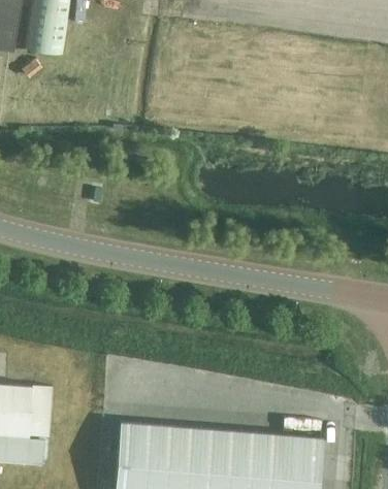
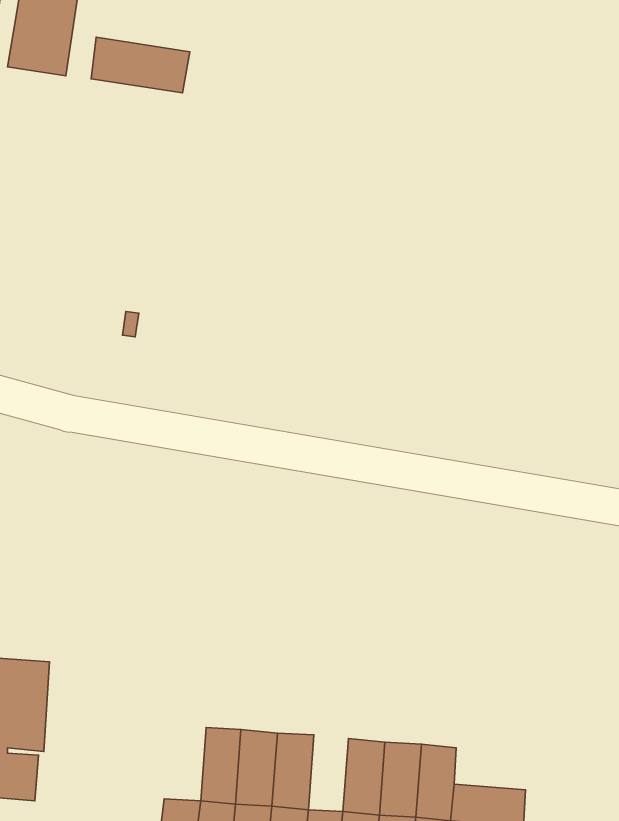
building: none -> [91,37,190,93]
building: [117,422,140,465] -> none
building: [198,428,221,471] -> none
building: [281,435,323,459] -> none

